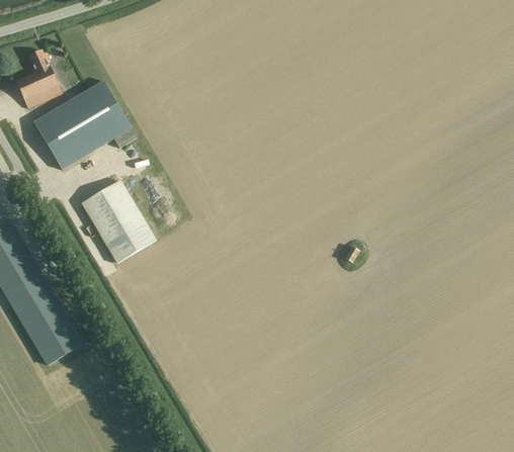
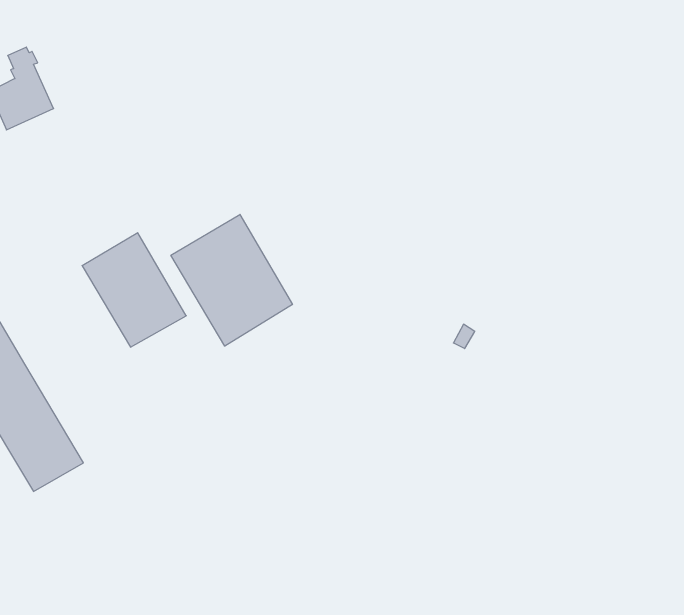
building: [32,80,137,169] -> none
building: none -> [171,214,292,346]

